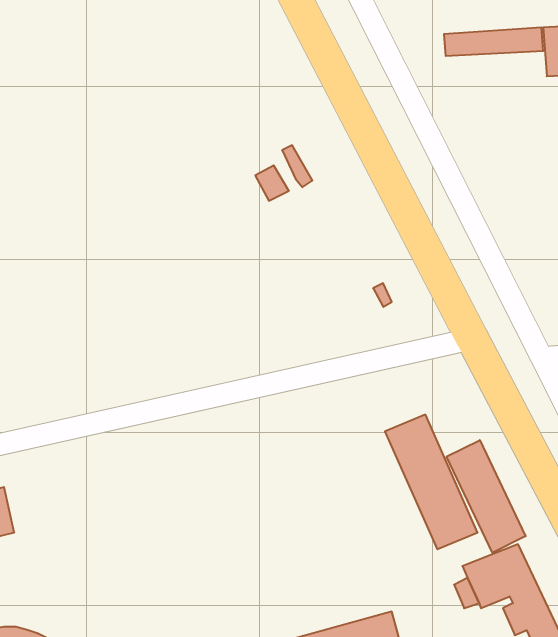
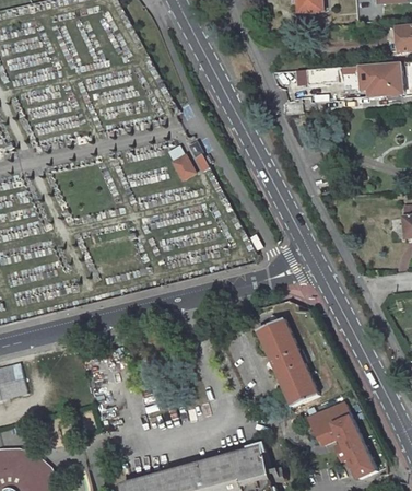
building: [447,440,526,553] -> none

